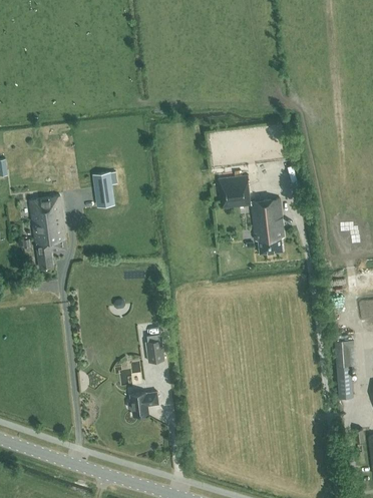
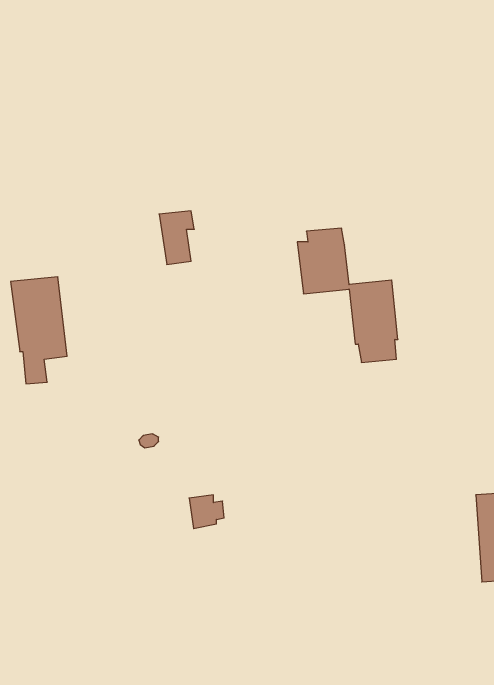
building: [93,172,116,207] -> [159,211,194,264]
building: [127,392,158,416] -> none

